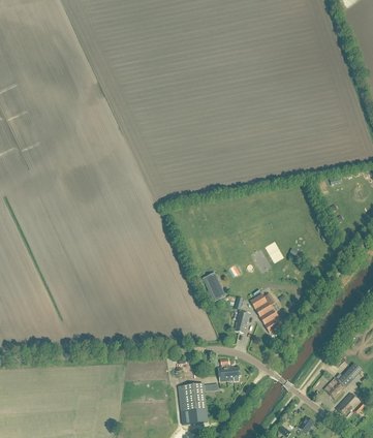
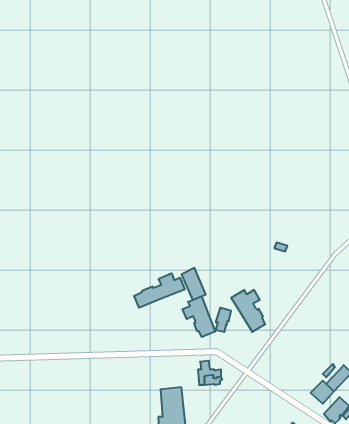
building: none -> [134,273,185,308]
building: none -> [182,296,215,337]

